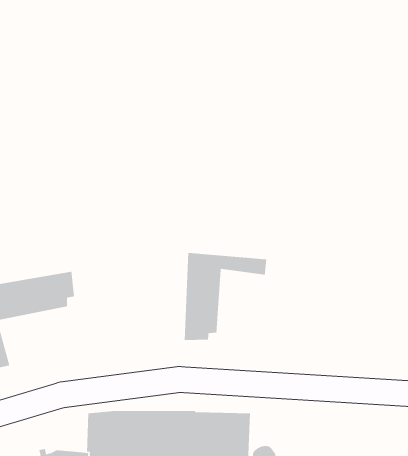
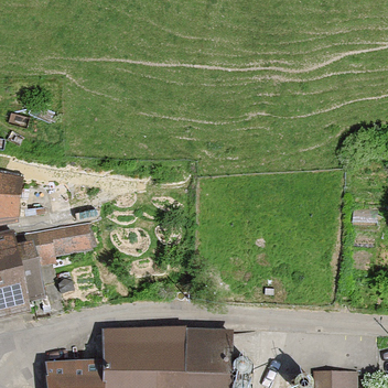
building: [184,252,267,341] -> none

